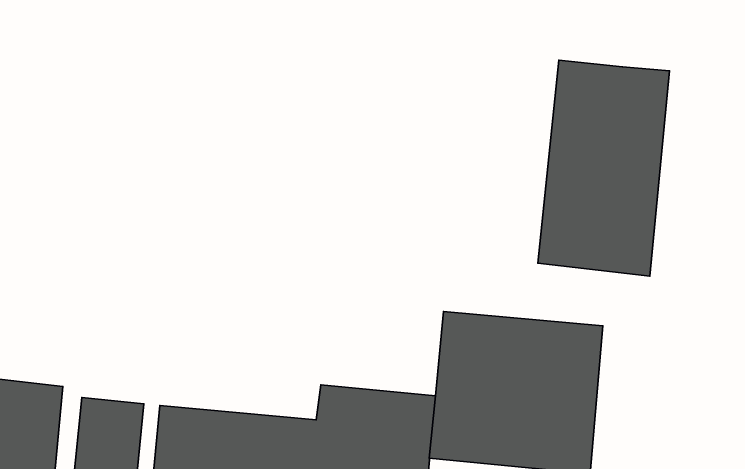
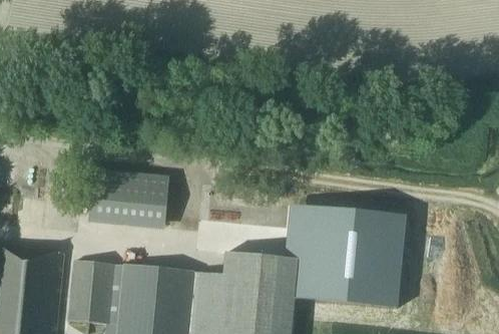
building: [538,60,670,276] -> none
building: none -> [88,171,169,223]

